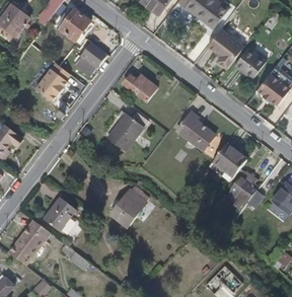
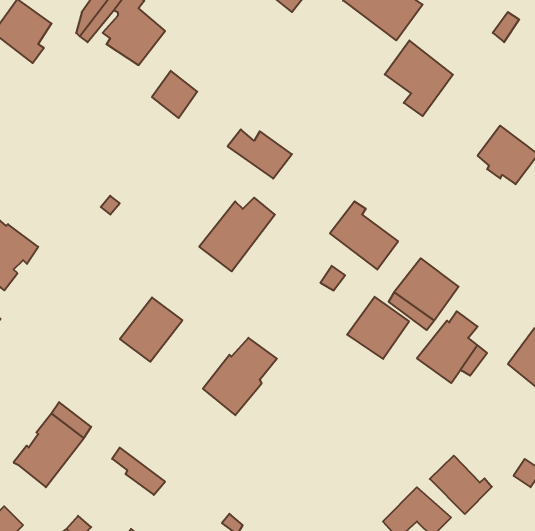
building: [235,47,266,78] -> none
building: [36,62,70,100] -> none
building: none -> [347,297,409,359]
building: [43,197,76,231] -> [120,297,182,362]
building: none -> [430,456,492,514]

